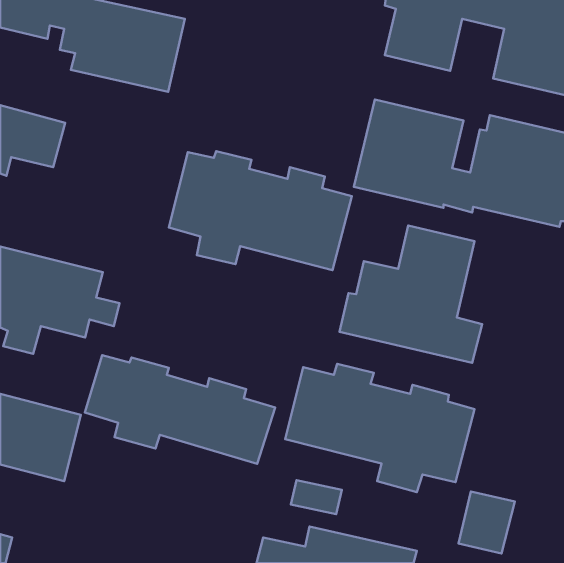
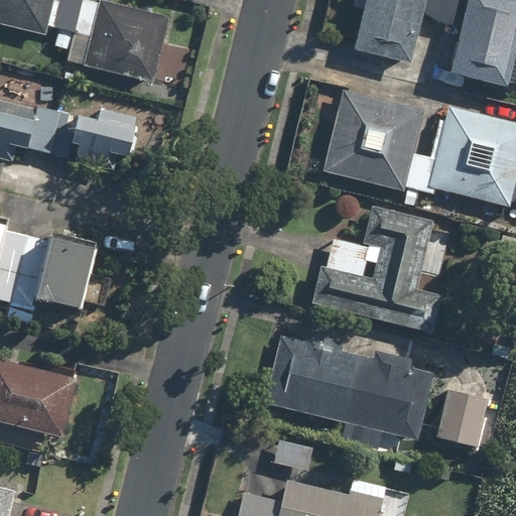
building: none -> [49,109,132,165]
building: [169,151,352,270] -> none
building: [85,355,275,464] -> none
building: [459,492,515,554] -> [435,389,487,445]

